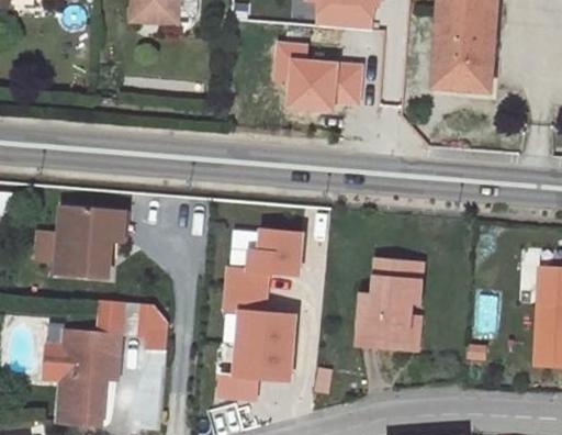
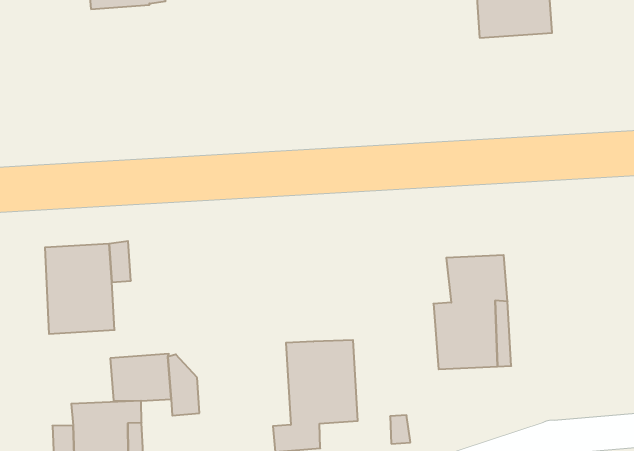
building: [274,45,358,108] -> none
building: [227,226,302,310] -> none

